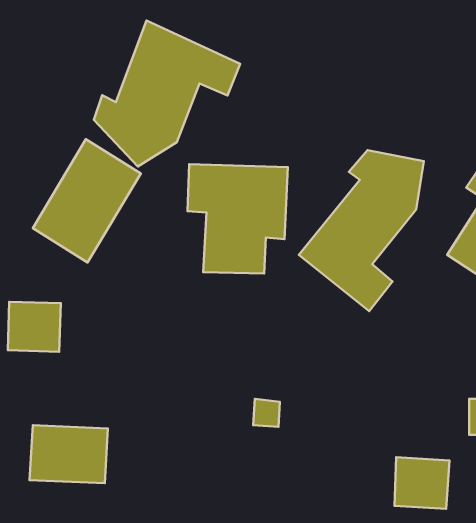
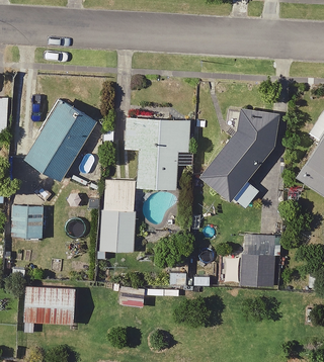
building: [94,21,240,167] -> none
building: none -> [101,180,136,252]
building: [395,457,449,509] -> [240,253,275,286]

